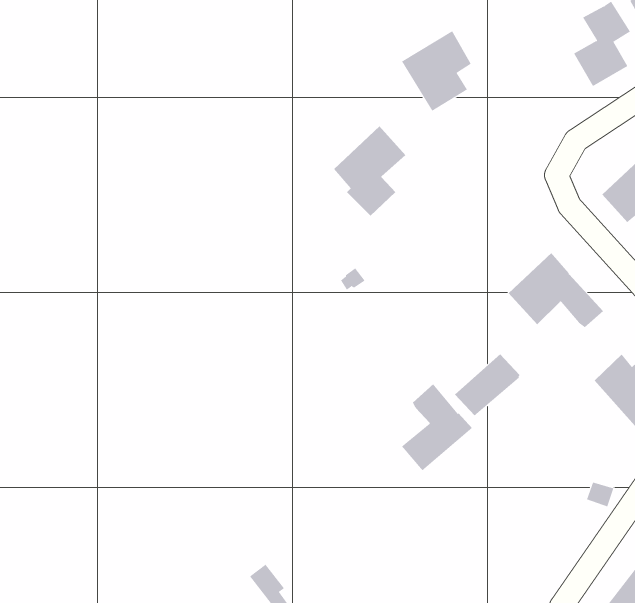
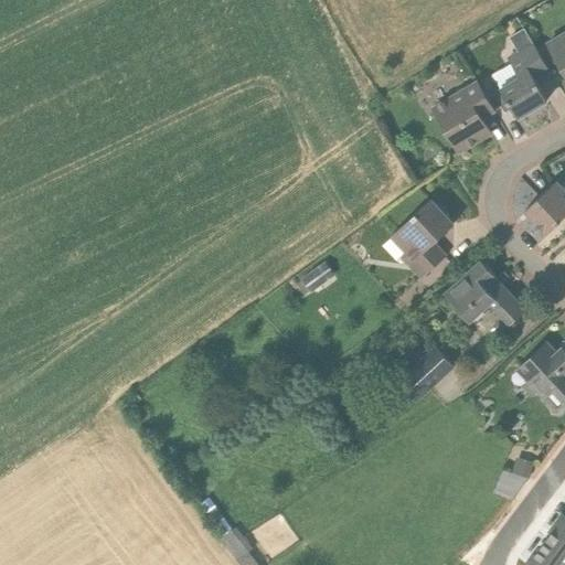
building: [401,31,472,111] -> [433,83,493,152]
building: [333,126,406,217] -> [391,200,454,278]
building: [401,384,473,471] -> none

